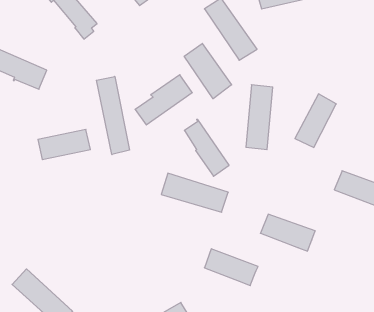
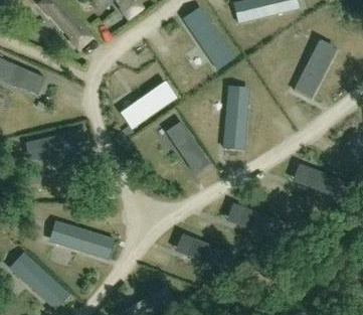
building: [184,43,232,99] -> none
building: [96,76,129,155] -> none
building: [295,94,336,147] -> [293,48,330,97]
building: [161,173,228,212] -> [53,221,114,257]

